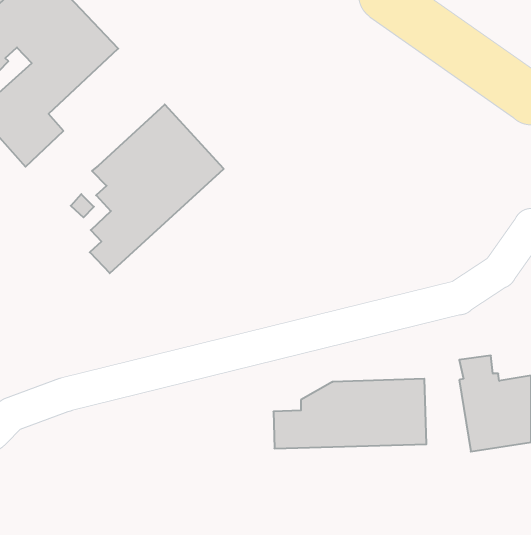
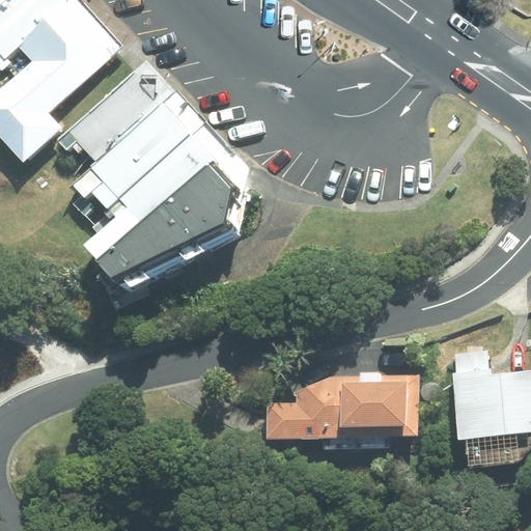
building: none -> [58,60,174,163]
building: none -> [108,153,248,287]

